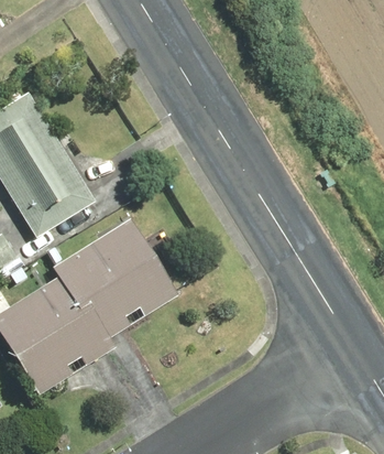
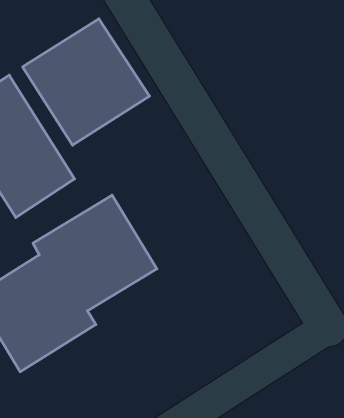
building: none -> [23,19,150,145]

